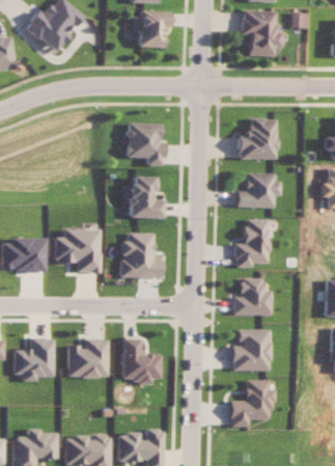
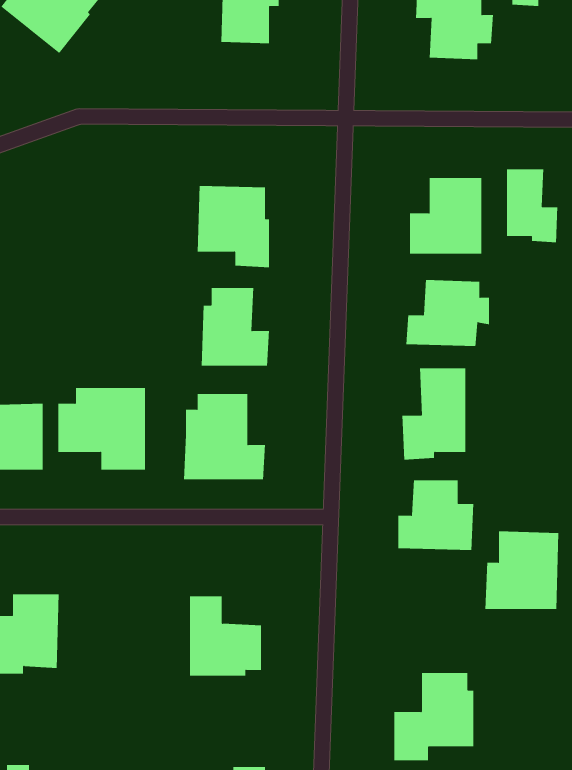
building: none -> [506,169,558,243]
building: [230,329,270,371] -> [484,531,559,609]
building: [65,339,107,378] -> none

